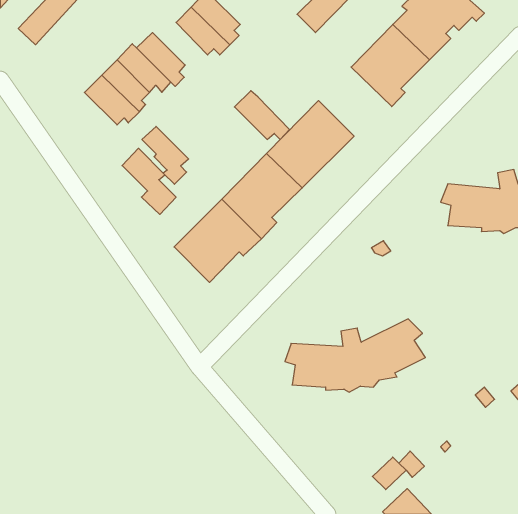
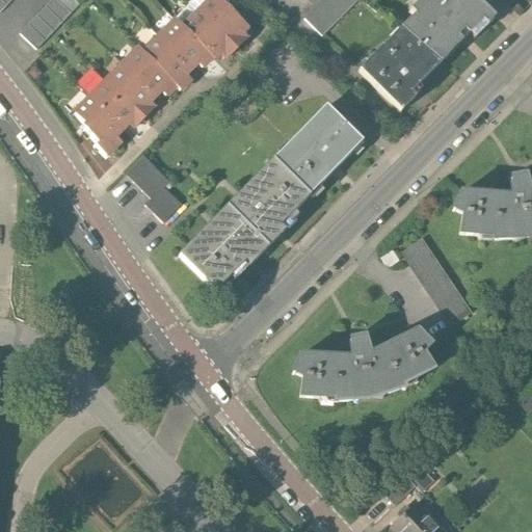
building: [234,91,289,139] -> [158,17,214,66]
building: [142,126,189,184] -> [74,95,122,154]
building: none -> [403,235,474,322]

